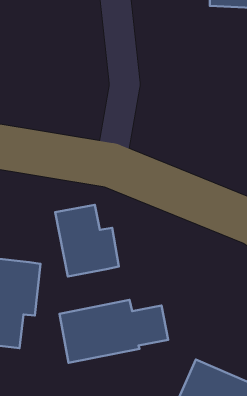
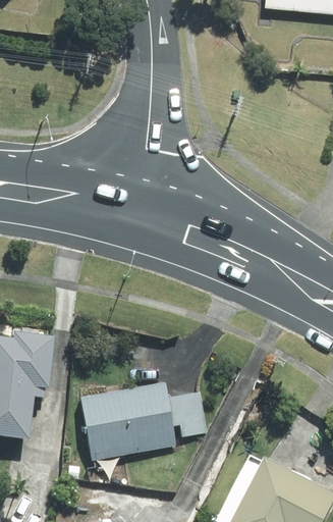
building: [55,205,119,276] -> none

